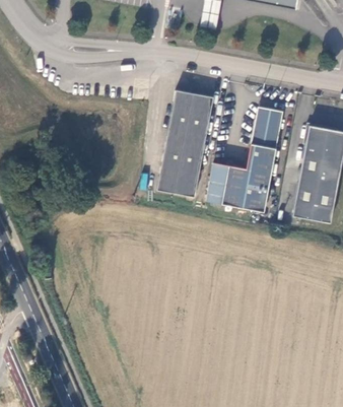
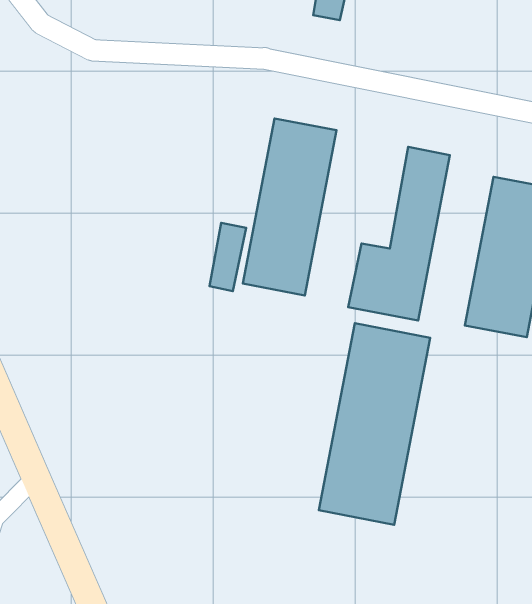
building: [207,161,229,203] -> [209,223,246,291]
building: none -> [319,323,430,525]

